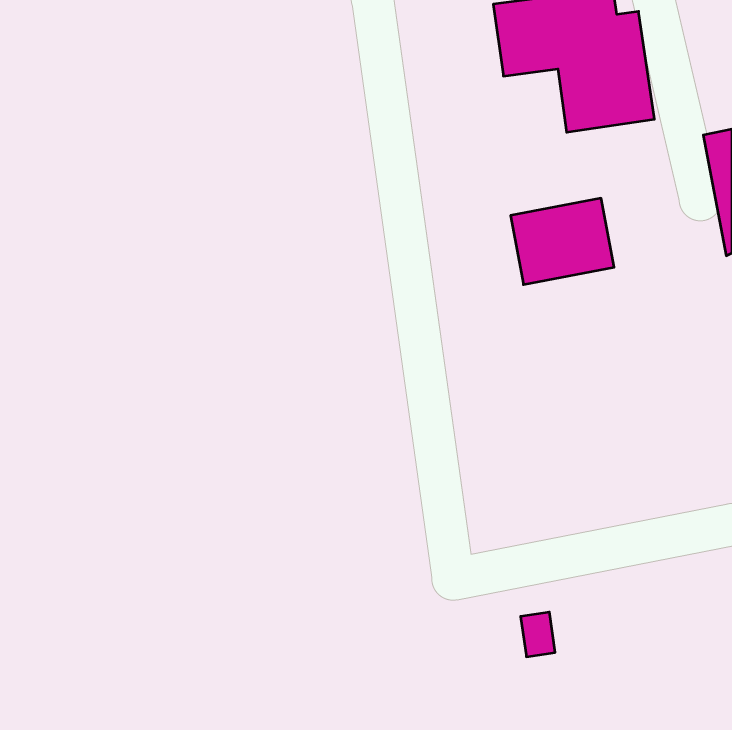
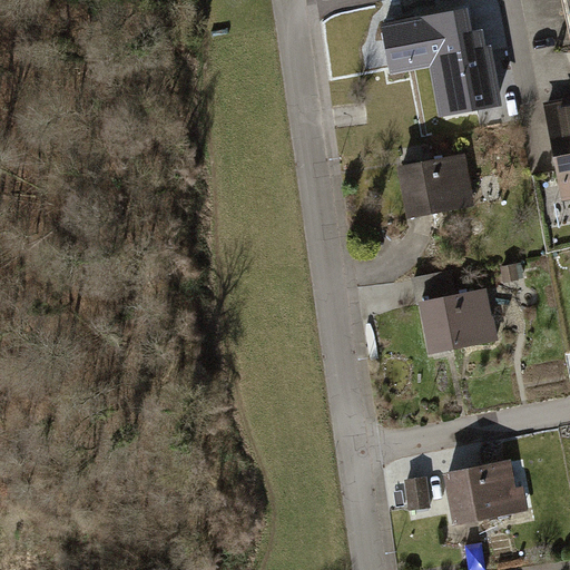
building: none -> [417,289,497,354]
building: none -> [442,460,528,524]

